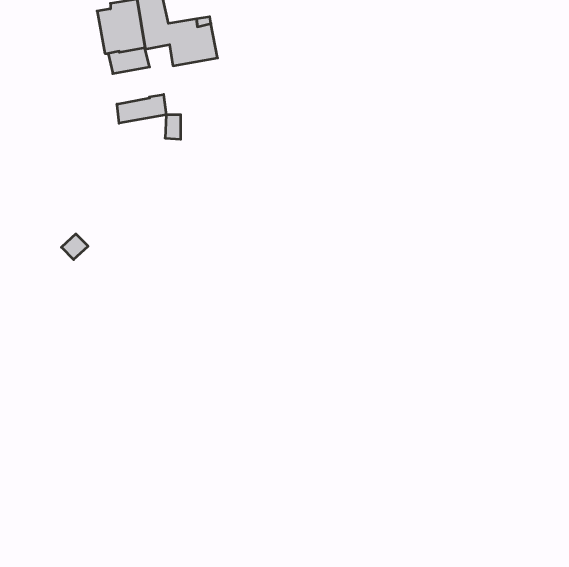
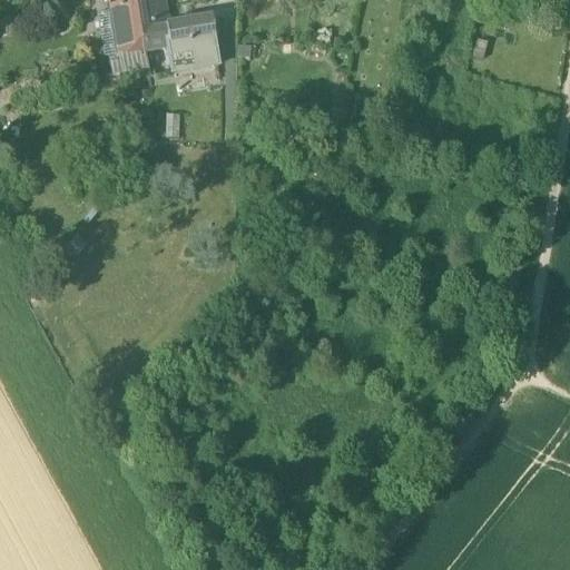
building: [117,94,166,123] -> none

